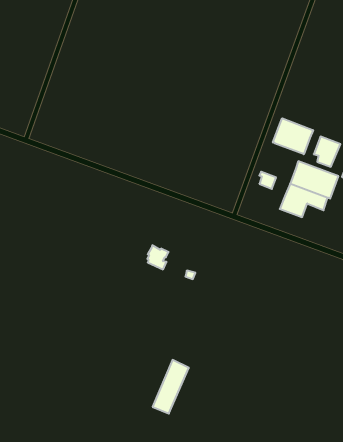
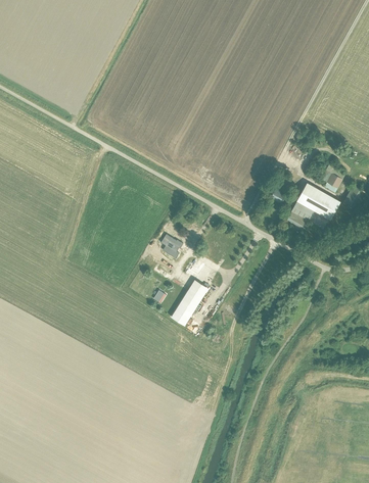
building: [273,118,313,154] -> none
building: [153,360,189,414] -> [172,279,209,325]

